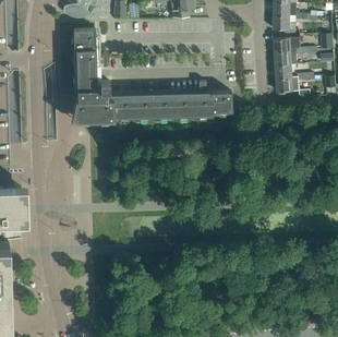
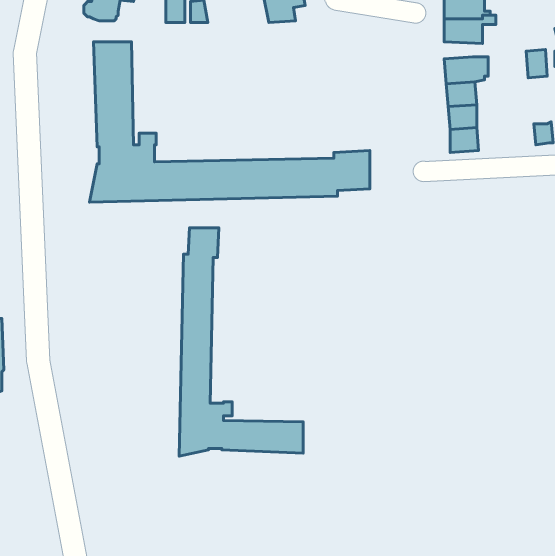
building: none -> [179,228,303,456]

